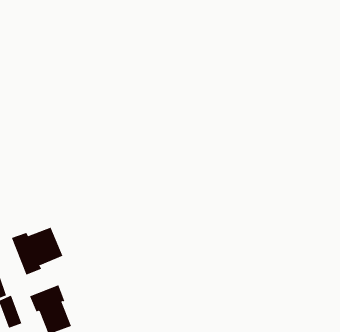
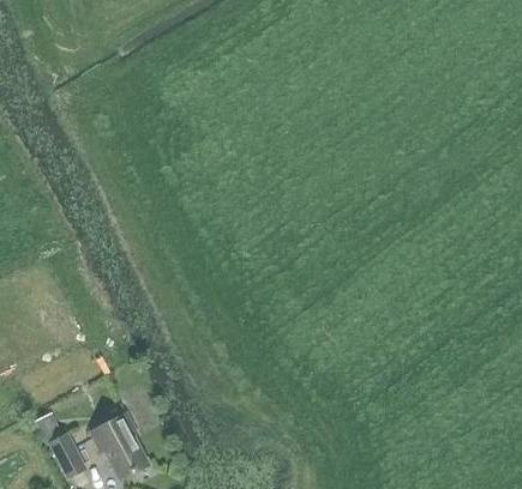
building: [11,227,63,275] -> none

